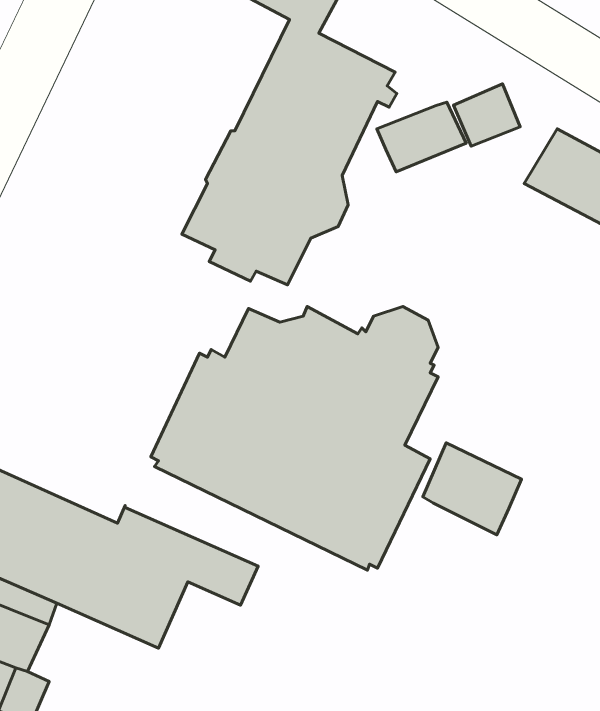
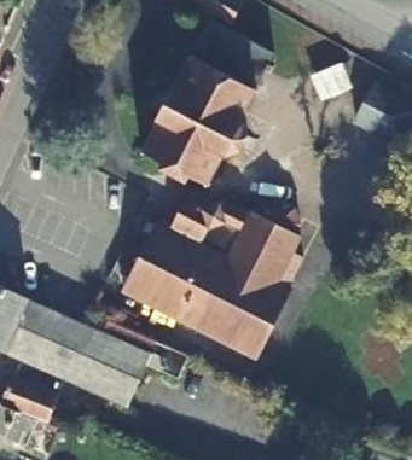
building: [377,102,466,172] -> none
building: [423,443,521,535] -> none

